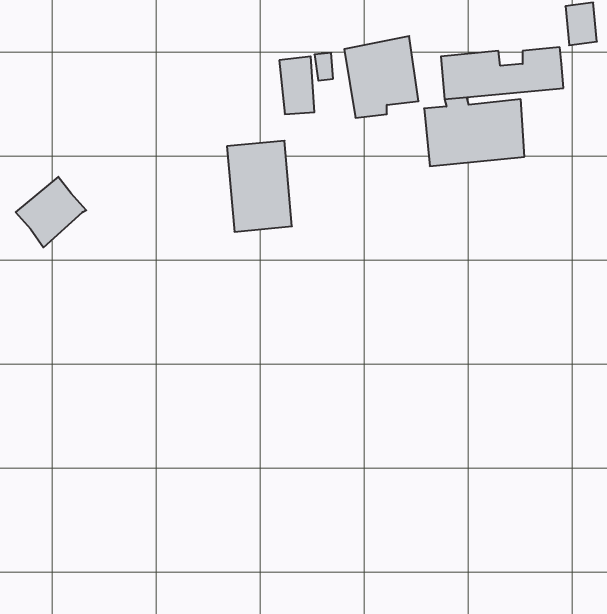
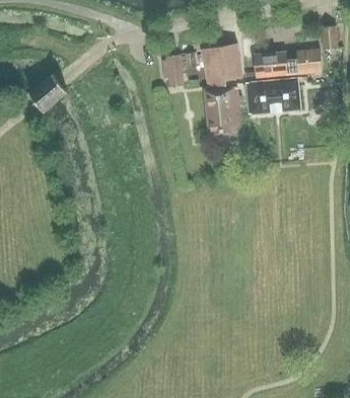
building: [227,141,292,232] -> [205,88,240,138]
building: [16,177,86,247] -> [28,74,67,112]

